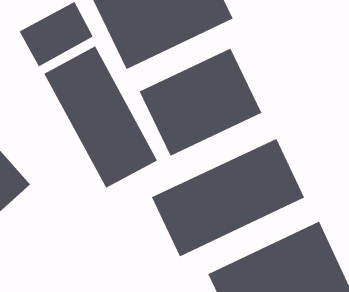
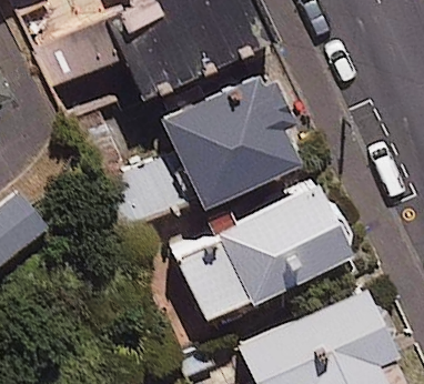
building: [43,45,158,189] -> none

